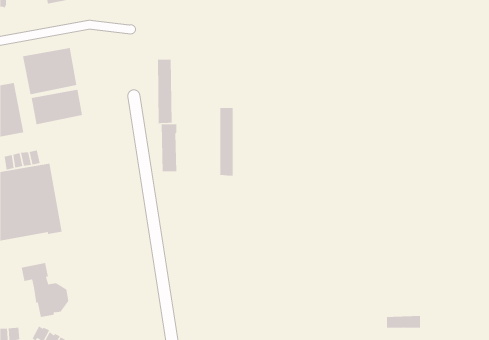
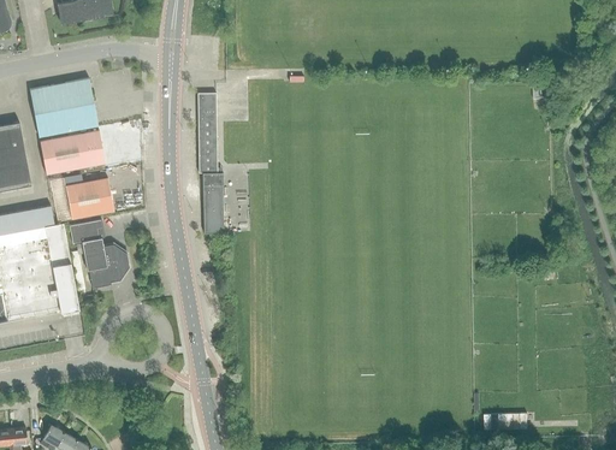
building: [220,107,233,176] -> none
building: none -> [65,177,114,219]
building: [21,263,69,318] -> [69,219,129,288]

